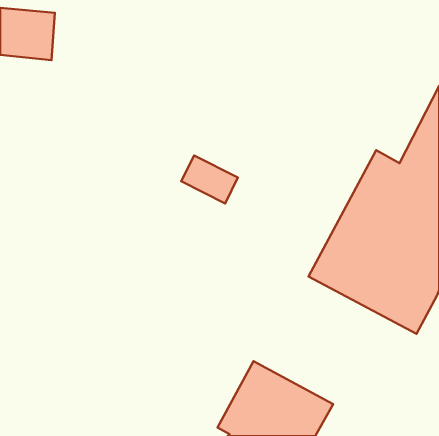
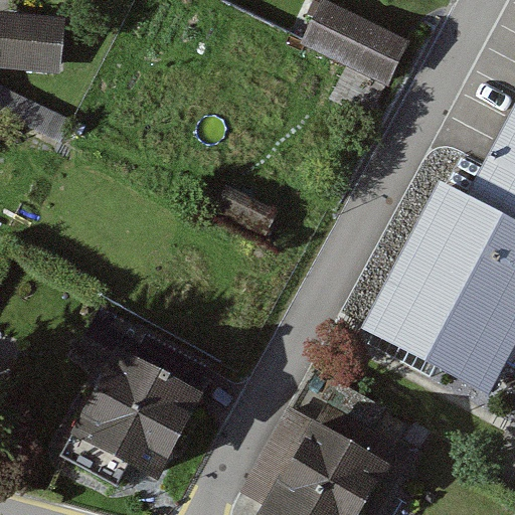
building: none -> [307,4,411,91]
building: none -> [69,356,201,487]

